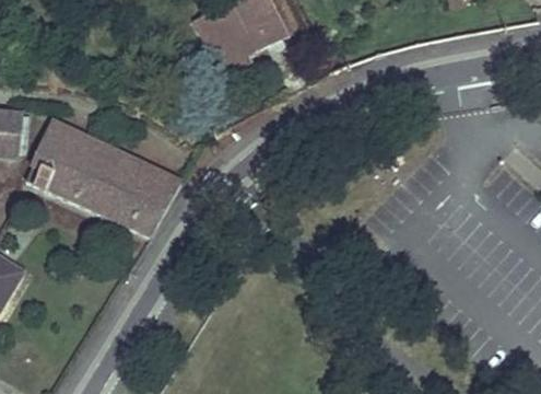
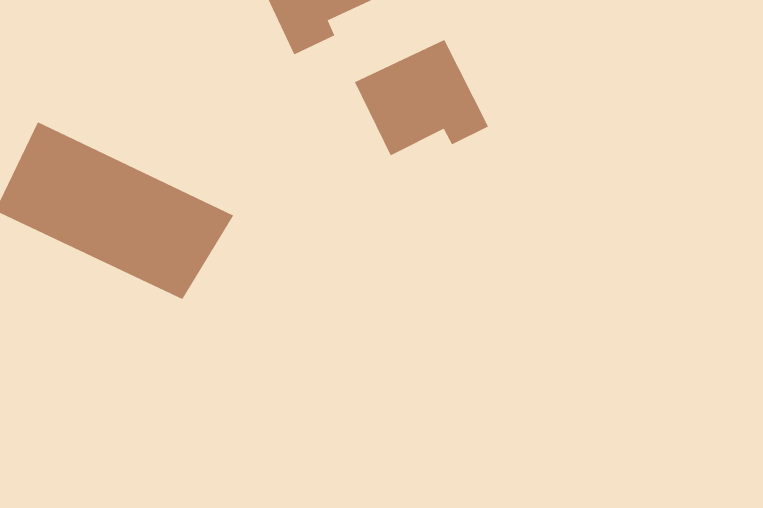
building: none -> [354,39,489,156]

